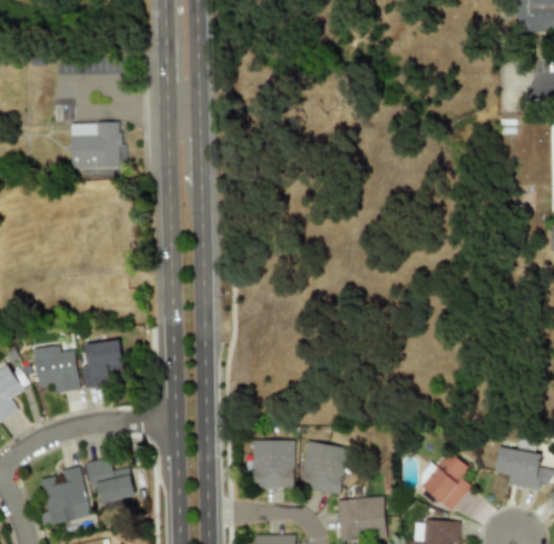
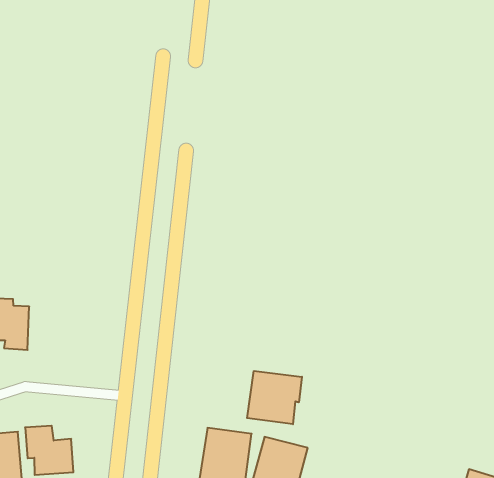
building: [70,123,126,168] -> none
building: [82,340,123,388] -> none
building: none -> [247,371,302,424]

